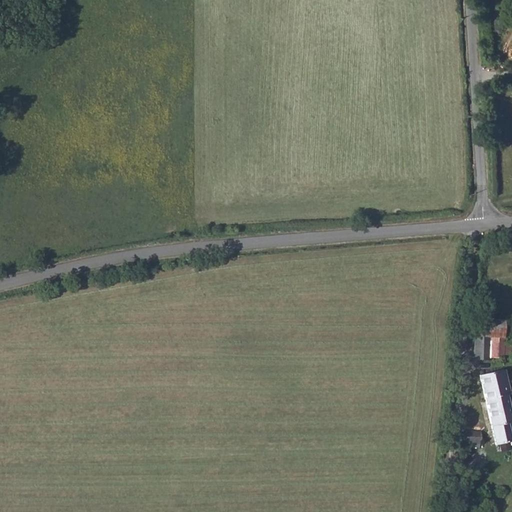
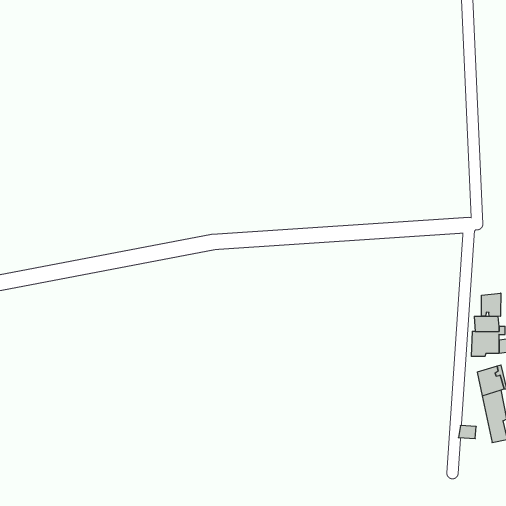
building: none -> [482,293,501,316]

